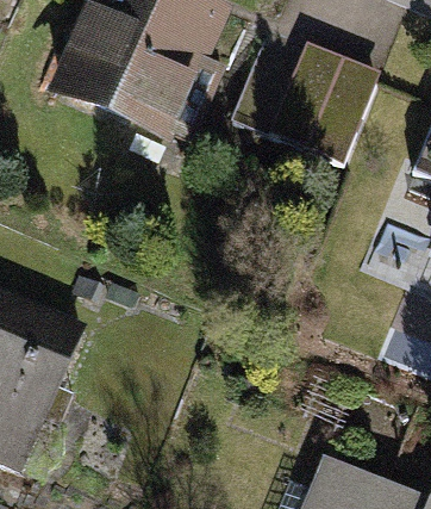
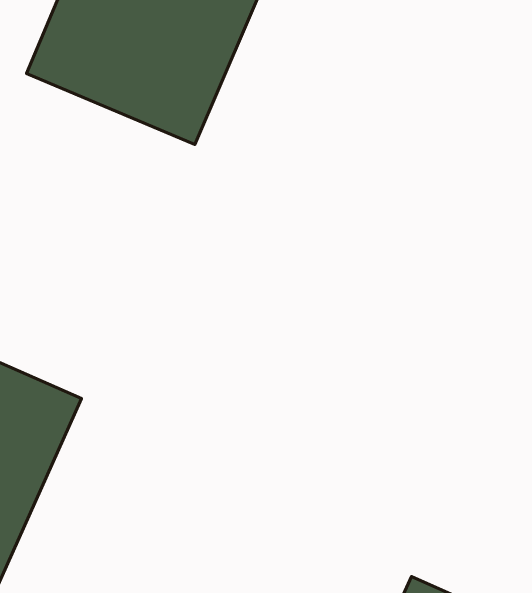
building: [270,43,379,161] -> none

